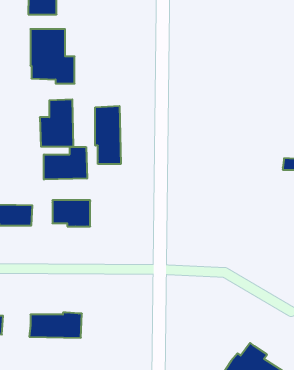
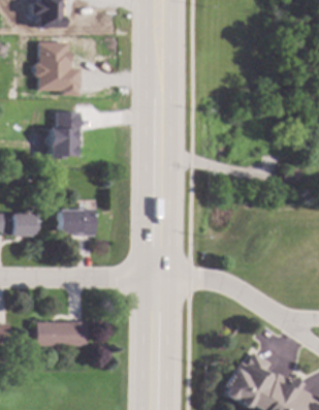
building: [95,106,121,164] -> none
building: [44,147,87,180] -> none

